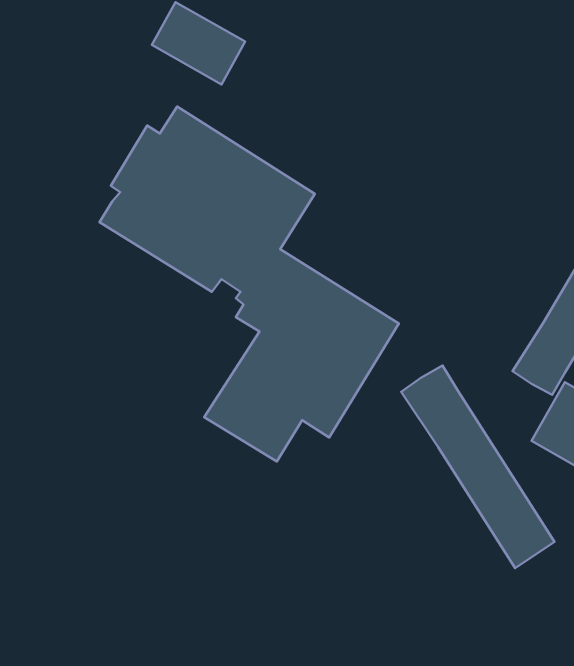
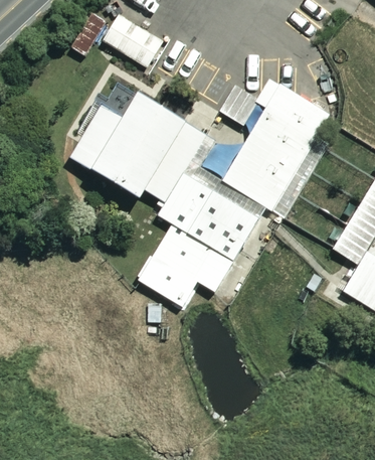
building: none -> [219,78,331,210]
building: [401,366,554,568] -> none

